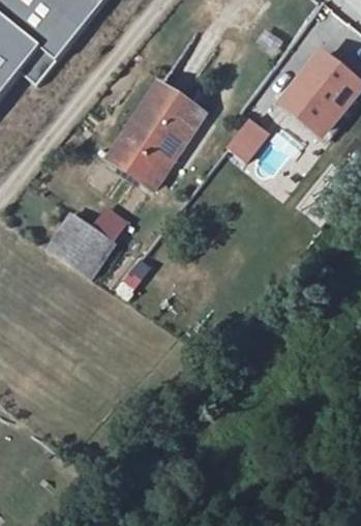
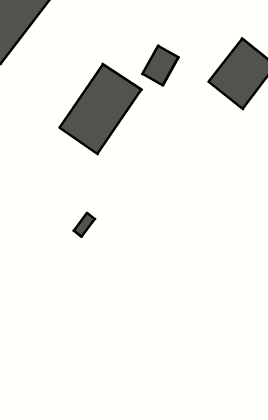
building: [223,112,266,158] -> [142,46,179,85]
building: [48,212,114,275] -> none

